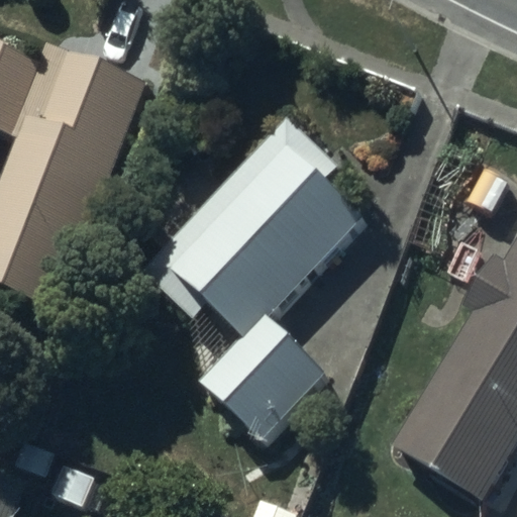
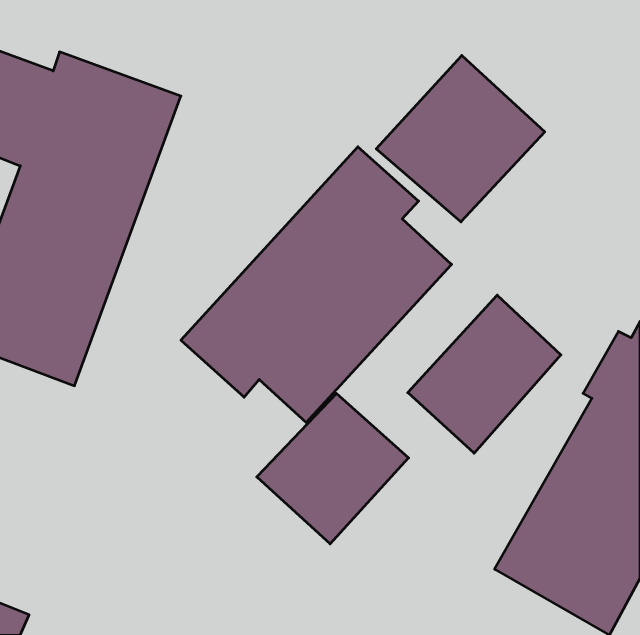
building: none -> [376,55,545,222]
building: none -> [408,295,561,453]

